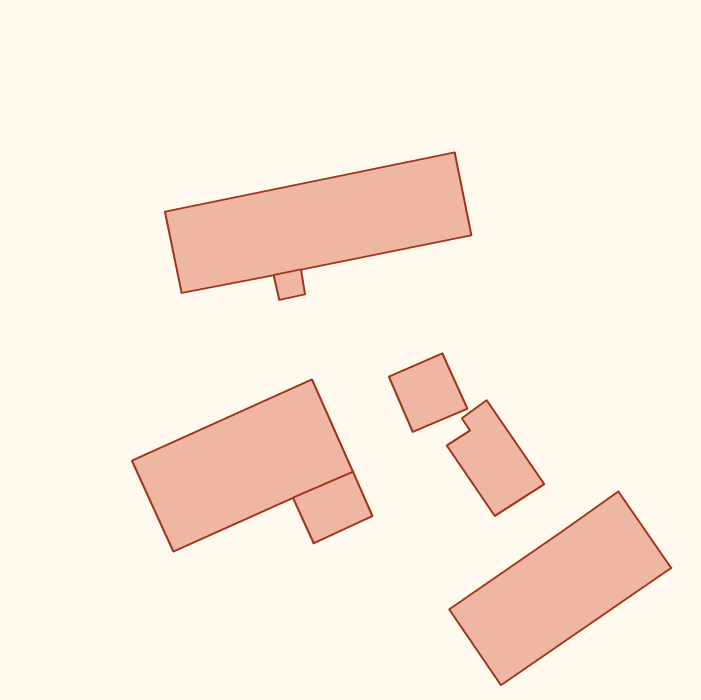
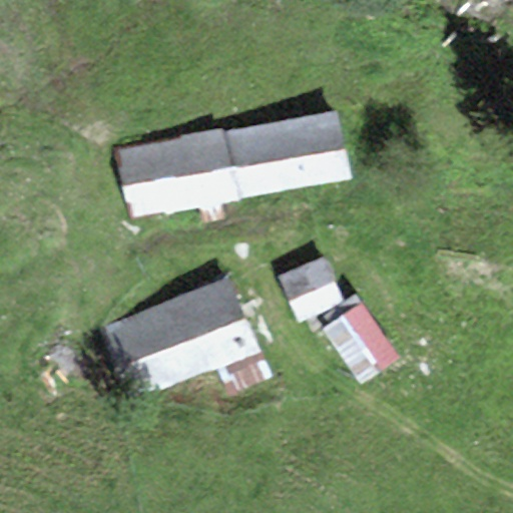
building: [449,491,671,685] -> none

